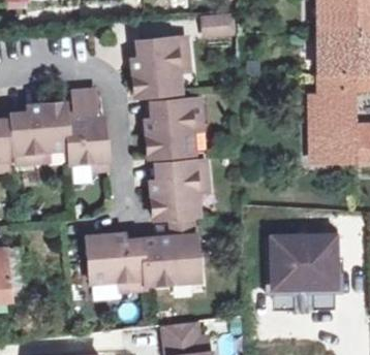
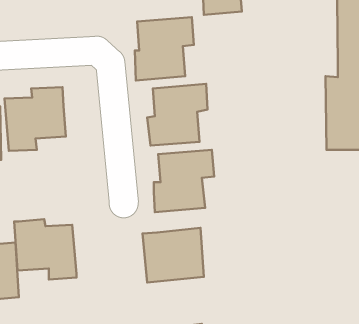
building: [67,91,106,163] -> none
building: [87,233,145,289] -> [14,219,77,280]
building: [272,235,335,287] -> none

